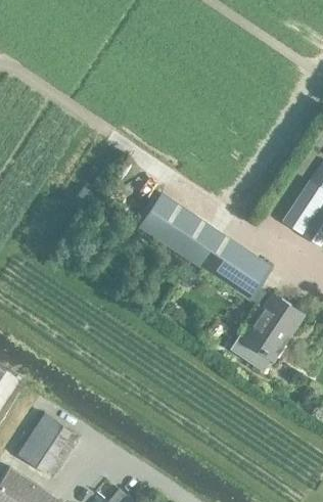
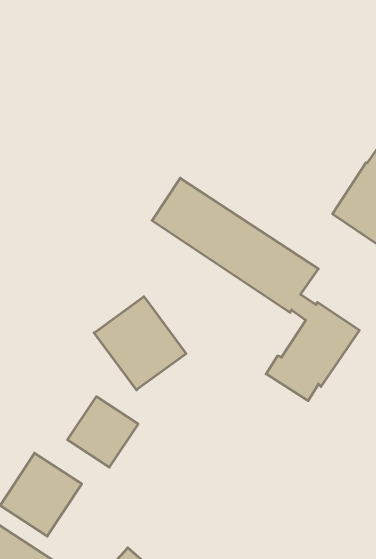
building: none -> [94,297,186,390]
building: none -> [68,397,138,467]

